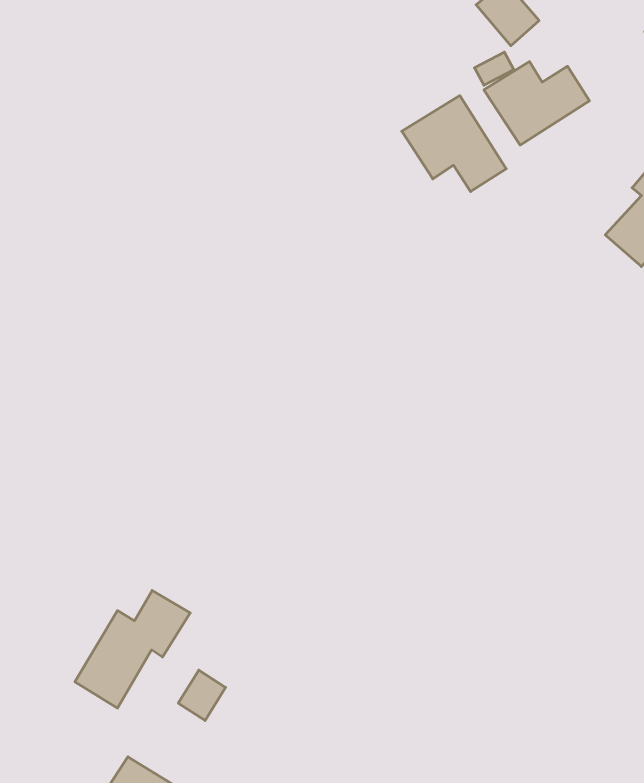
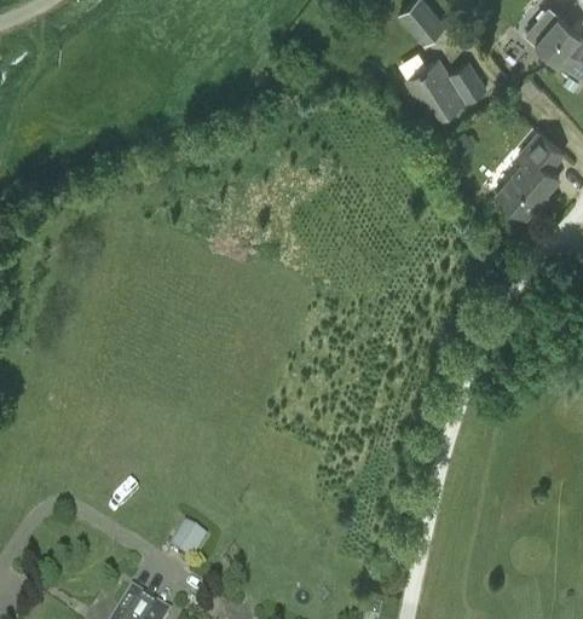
building: [402,96,506,192] -> none
building: [75,590,190,708] -> none

